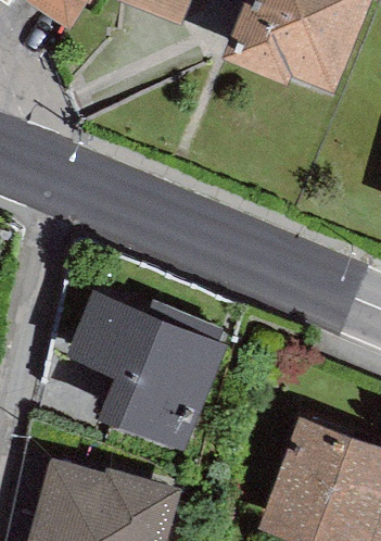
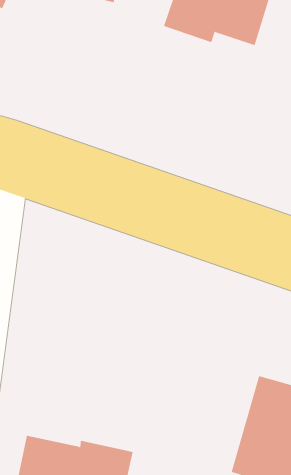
building: [80,300,211,428] -> none

